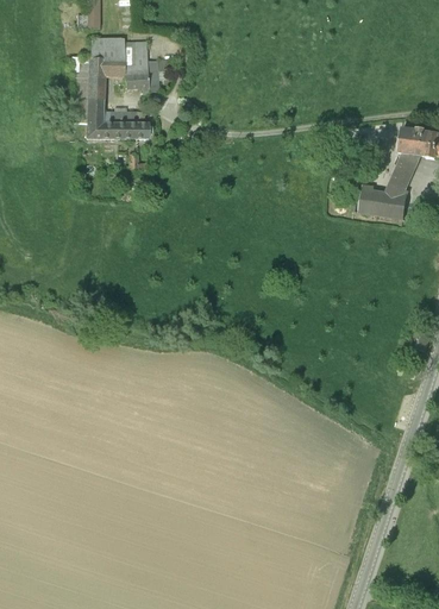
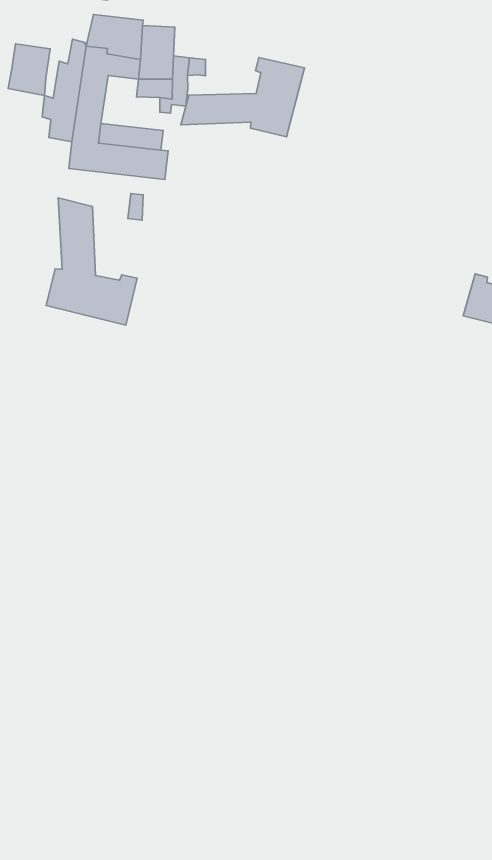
building: none -> [181,57,305,137]
building: none -> [8,44,50,95]
building: none -> [46,198,137,325]

